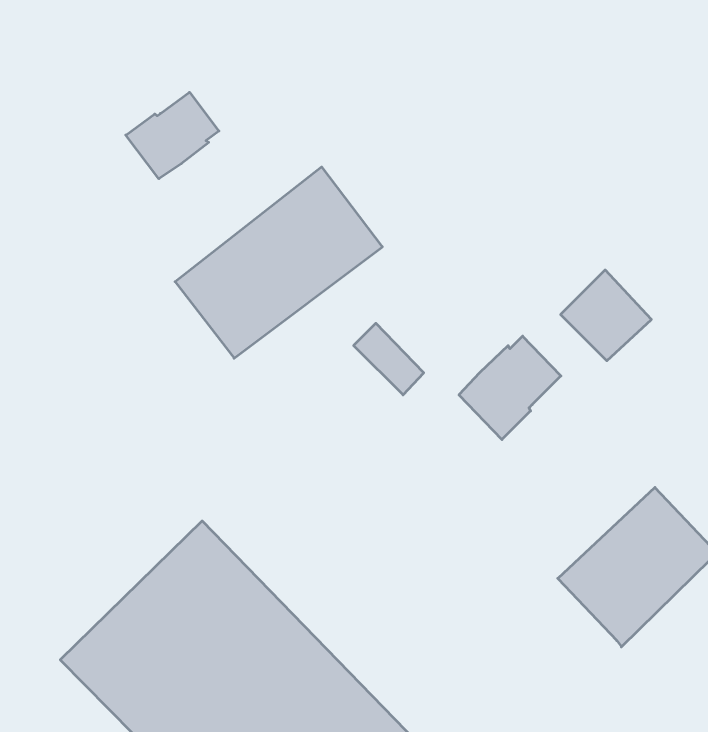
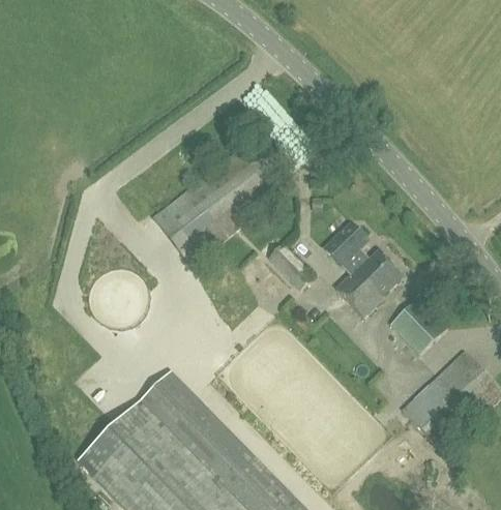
building: [126,92,219,179] -> none
building: [561,270,651,361] -> [388,295,447,354]
building: none -> [324,224,367,275]

